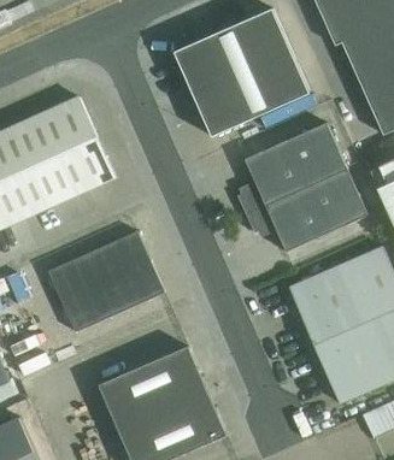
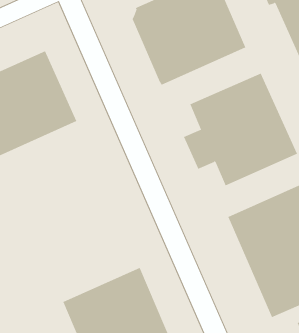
building: [48,230,165,331] -> none

